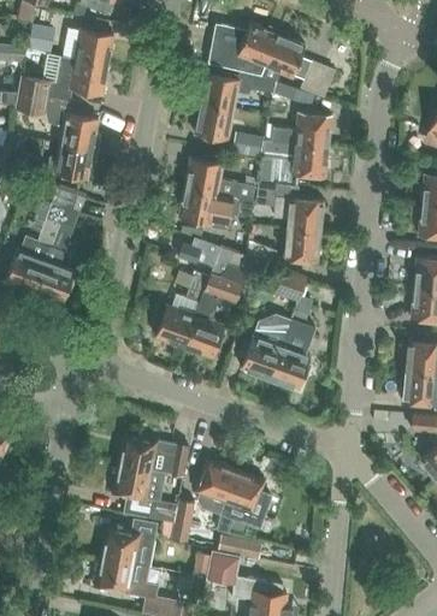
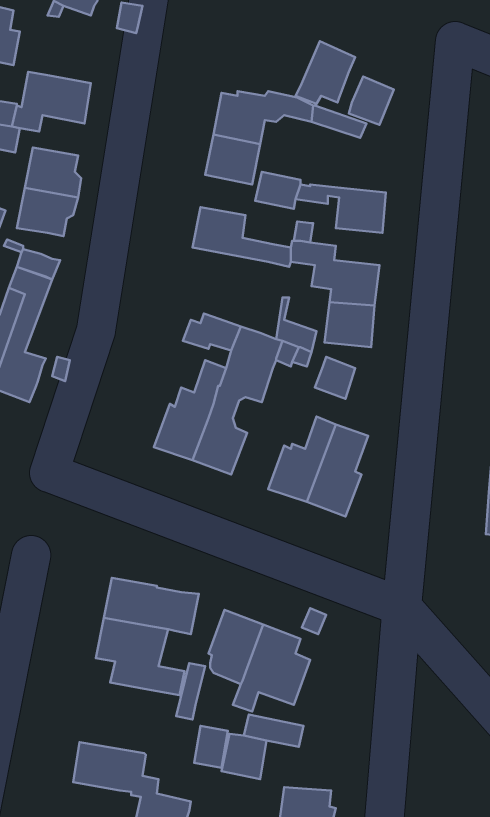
building: [207,23,278,75] -> none
building: [73,29,113,65] -> none
building: [264,112,331,147] -> none
building: [177,188,255,226] -> none
building: [99,519,157,567] -> none

